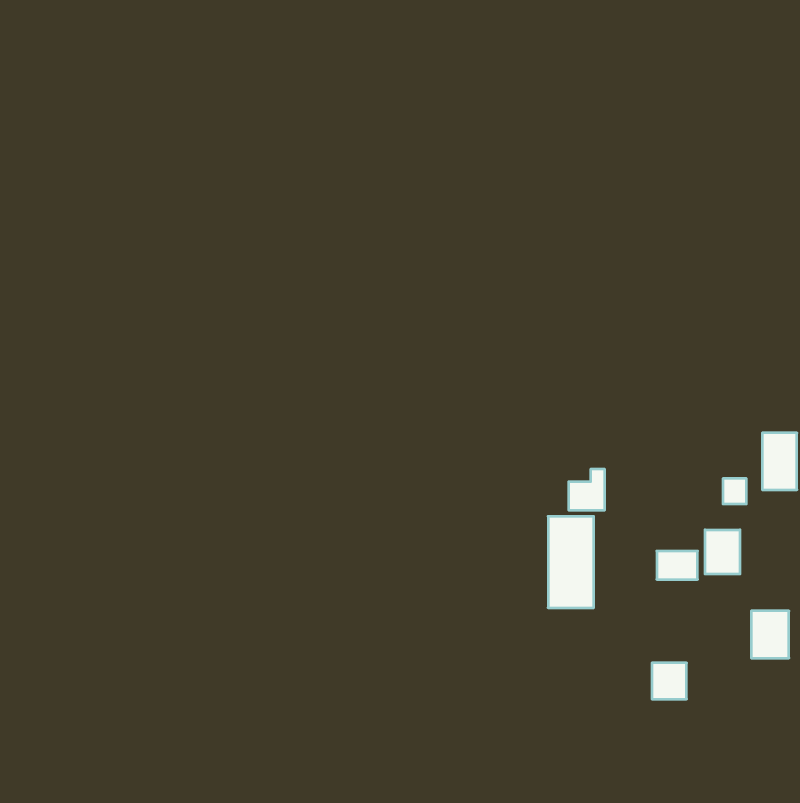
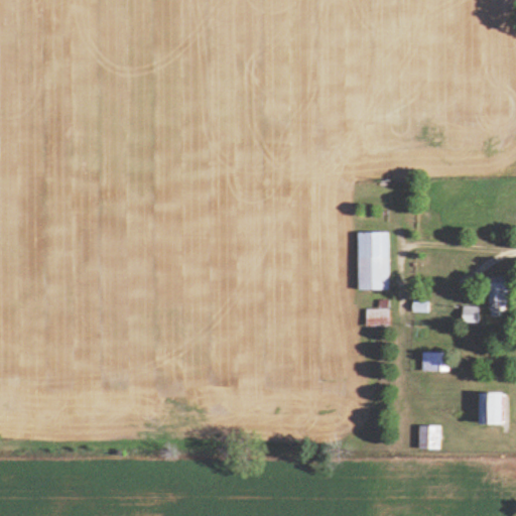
building: [548,516,594,608] -> [358,232,387,290]
building: [705,530,740,574] -> none

